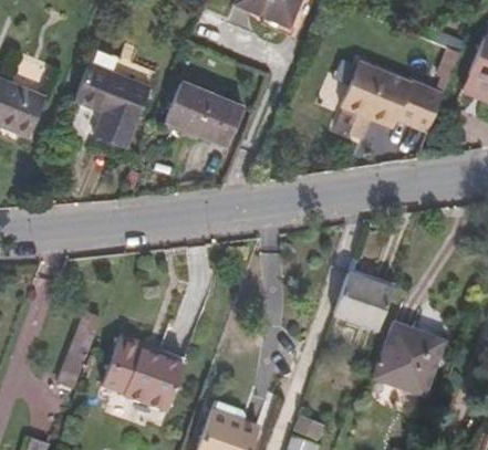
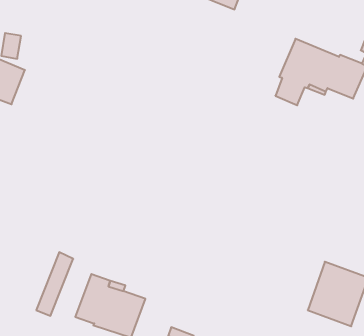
building: [74,62,150,148] -> none
building: [166,82,242,146] -> none
building: [334,271,394,329] -> none

